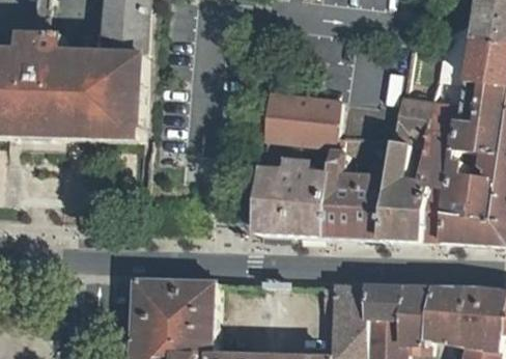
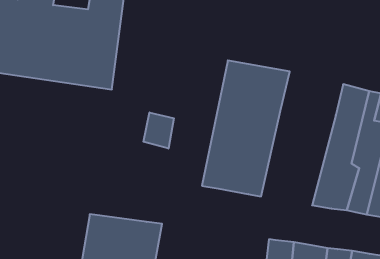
building: [320,134,393,241] -> none
building: none -> [143,112,174,149]

